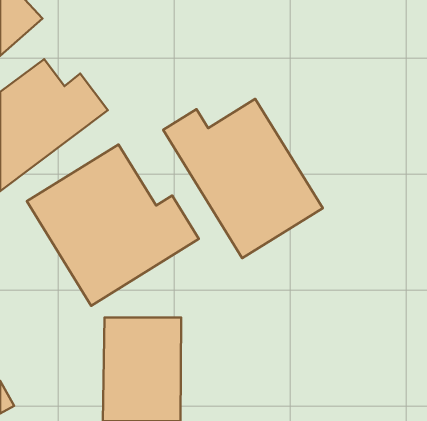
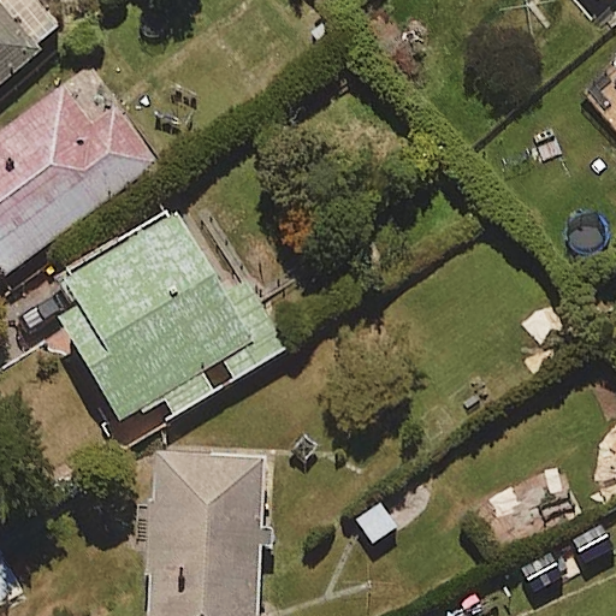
building: [163,99,323,258] -> none

